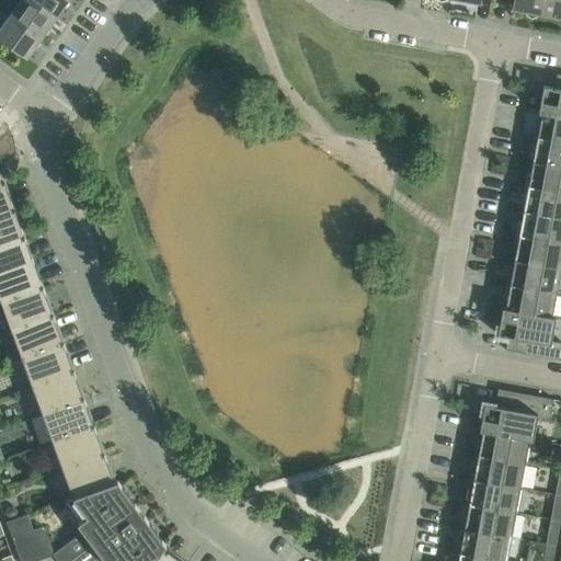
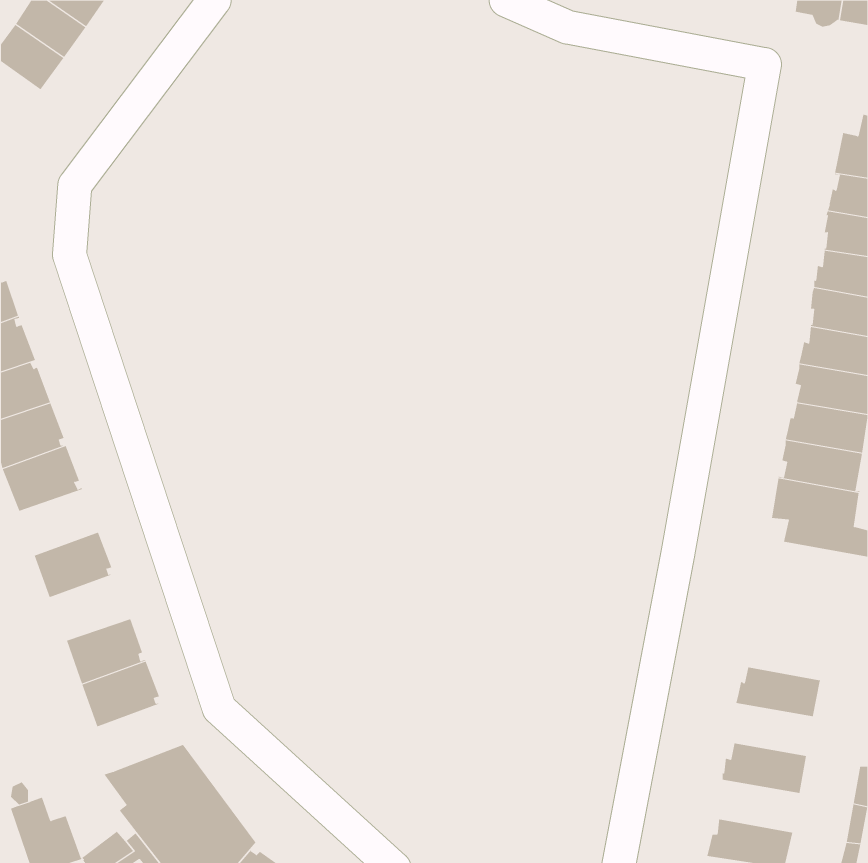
building: [12,319,64,362] -> none
building: [32,374,84,416] -> none
building: [479,391,553,443] -> none
building: [62,457,118,501] -> none
building: [472,457,525,491] -> none
building: [463,506,516,540] -> none

